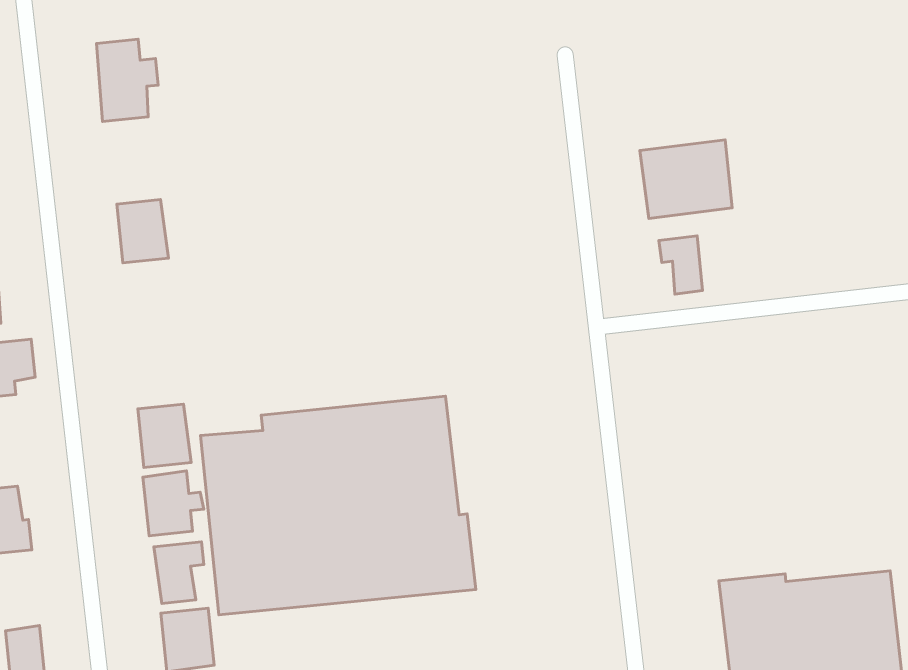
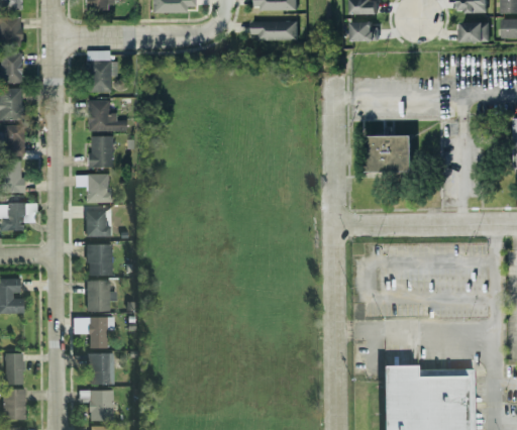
building: none -> [87,99,125,130]
building: [659,236,702,294] -> none
building: none -> [74,173,113,203]
building: none -> [86,211,111,237]
building: [200,396,476,615] -> none

